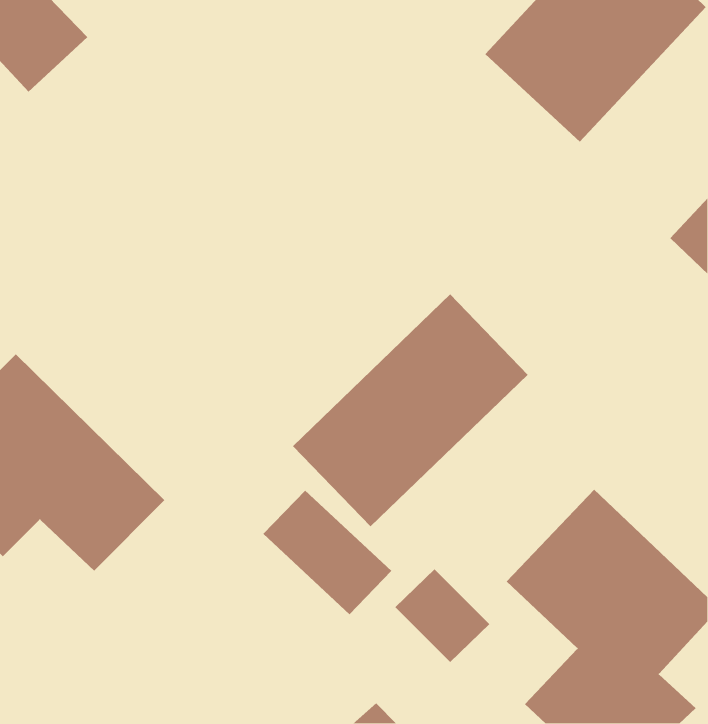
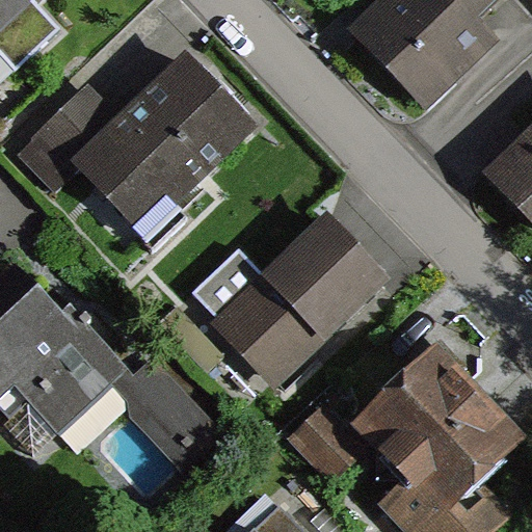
building: none -> [20,60,245,227]
building: [263,490,392,615] -> [112,366,207,457]

